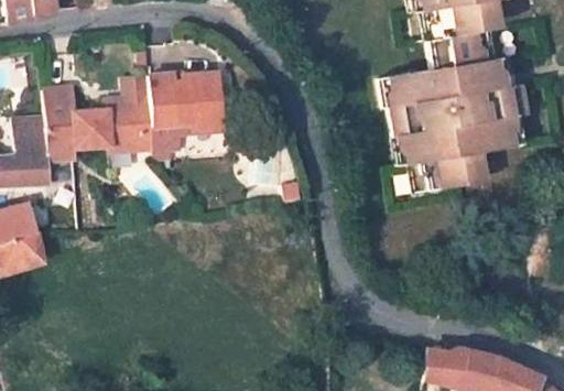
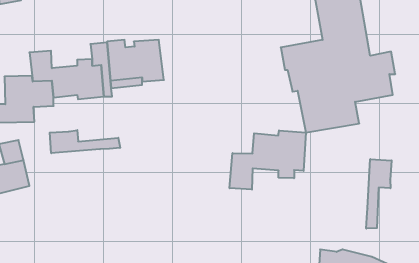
building: none -> [50,130,120,153]
building: none -> [230,130,306,190]
building: none -> [366,159,392,229]

